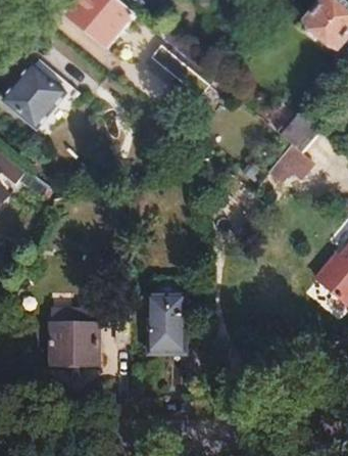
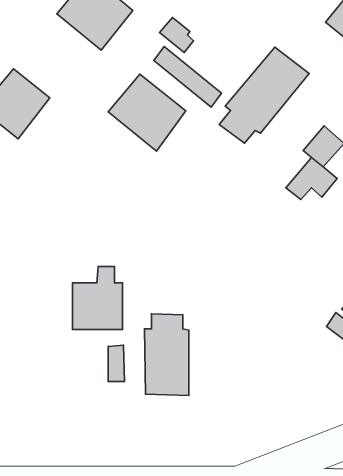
building: none -> [219,47,309,143]
building: none -> [108,74,186,151]
building: [55,309,99,364] -> [72,266,123,329]

